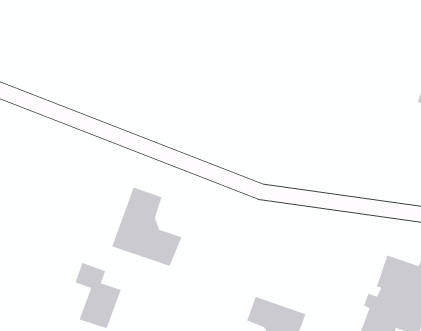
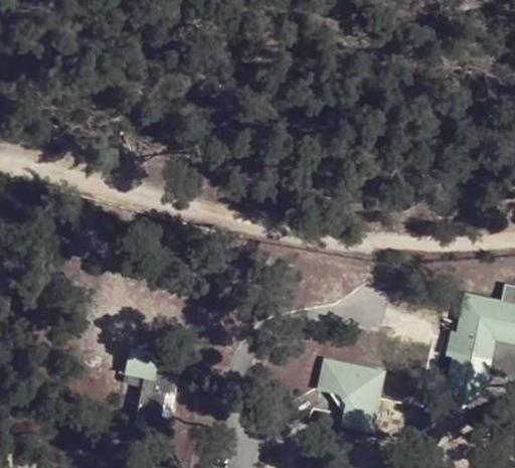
building: [111,186,182,267] -> none

